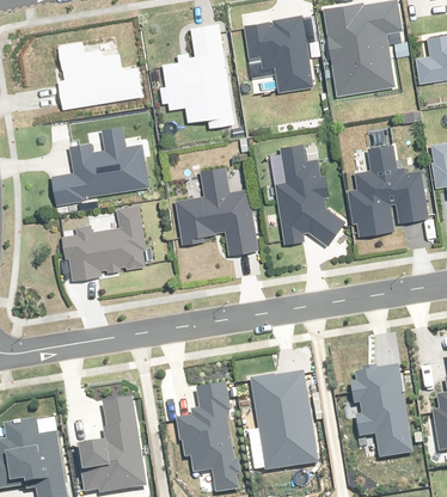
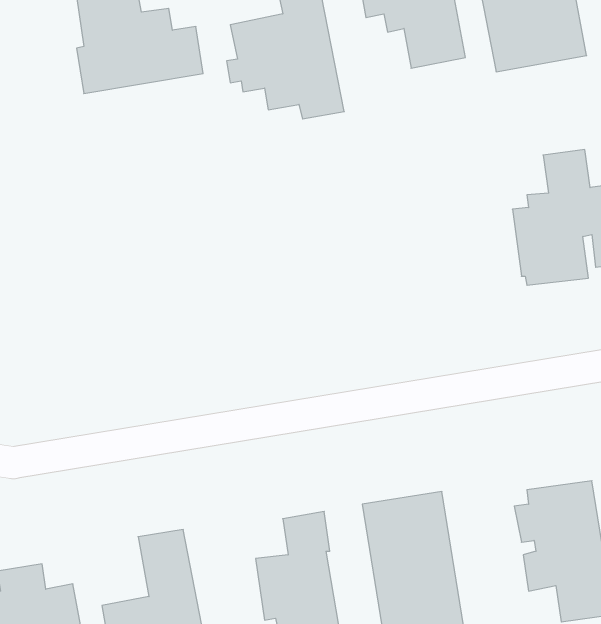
building: [50,125,152,204] -> none
building: [270,141,342,241] -> none
building: [173,165,261,258] -> none
building: [63,204,149,281] -> none

